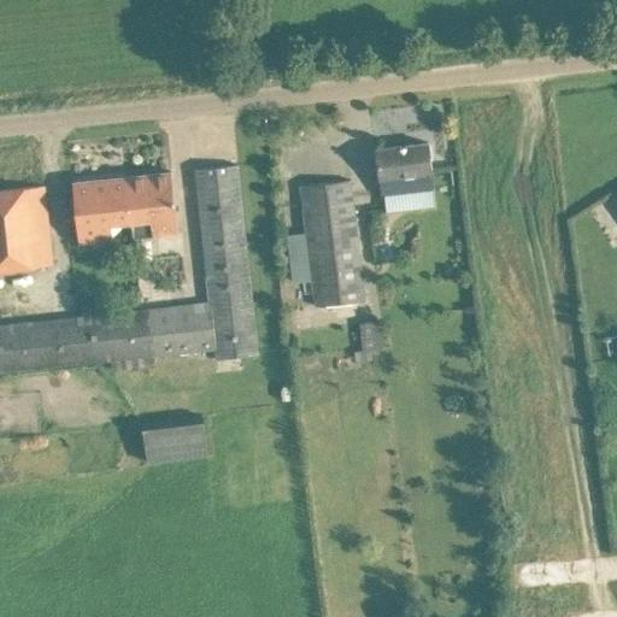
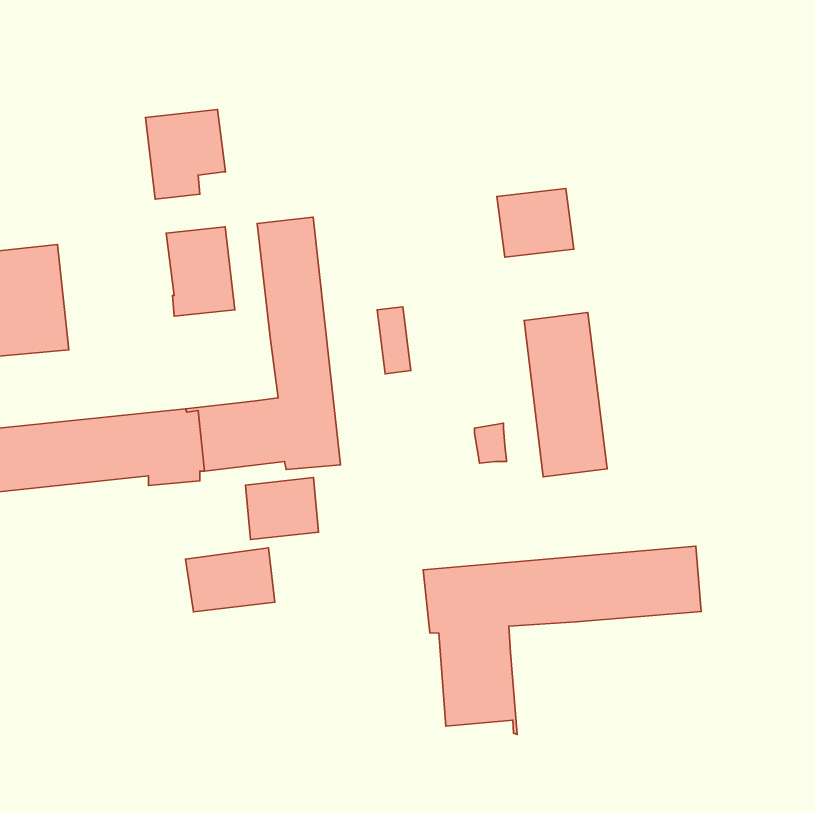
building: [71,178,131,246] -> [146,110,225,199]
building: [300,182,363,306] -> [524,312,607,477]
building: none -> [245,478,319,540]
building: none -> [423,546,701,734]

